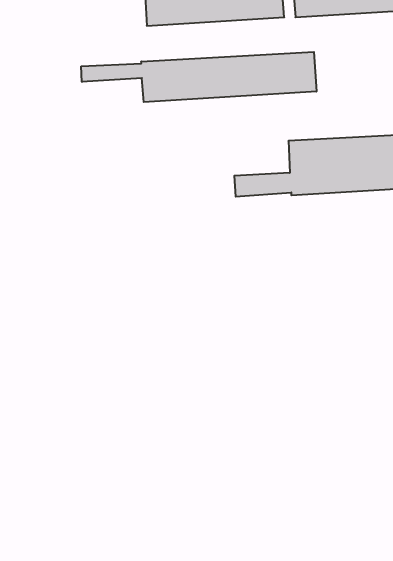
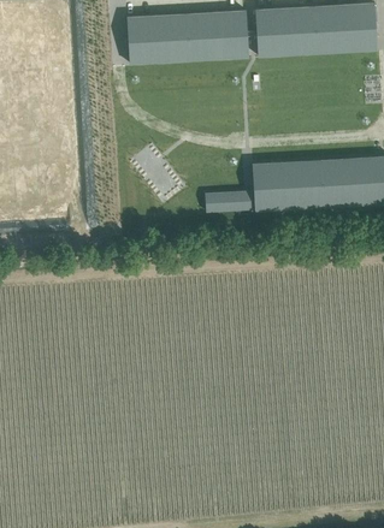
building: [81,52,316,102] -> none

